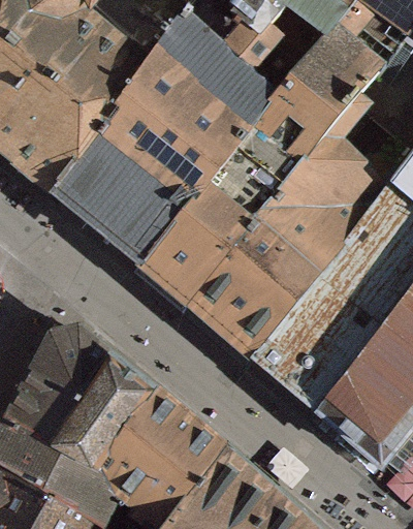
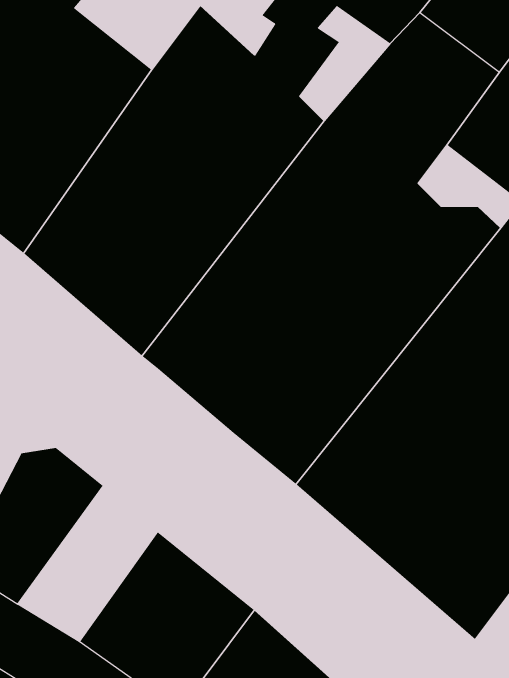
building: [52,360,153,472] -> none

